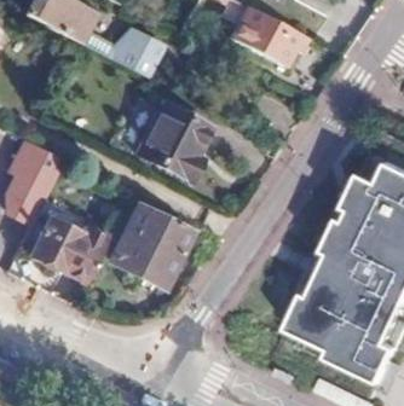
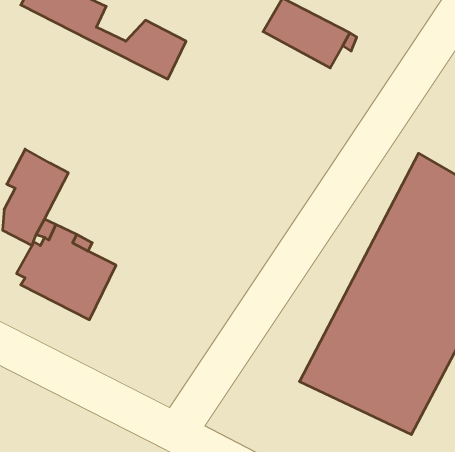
building: [140,101,212,179] -> none
building: [109,207,191,290] -> none

